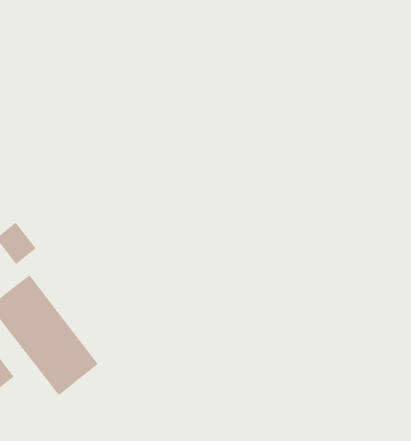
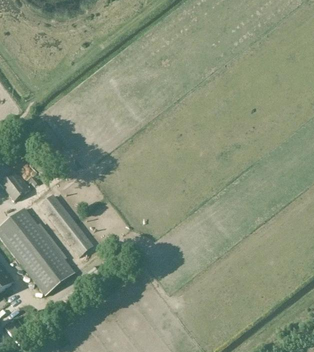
building: none -> [38,193,92,257]

